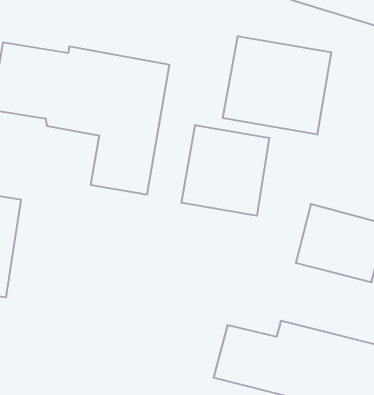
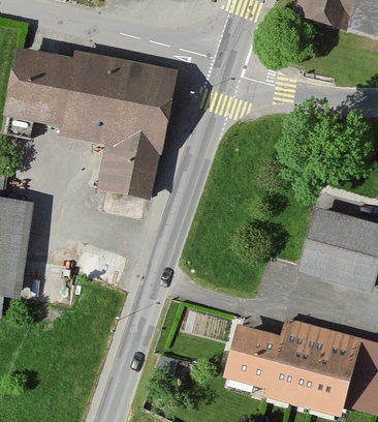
building: [223,36,331,135] -> none
building: [181,125,269,216] -> none

